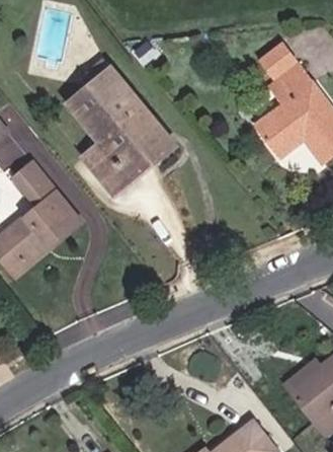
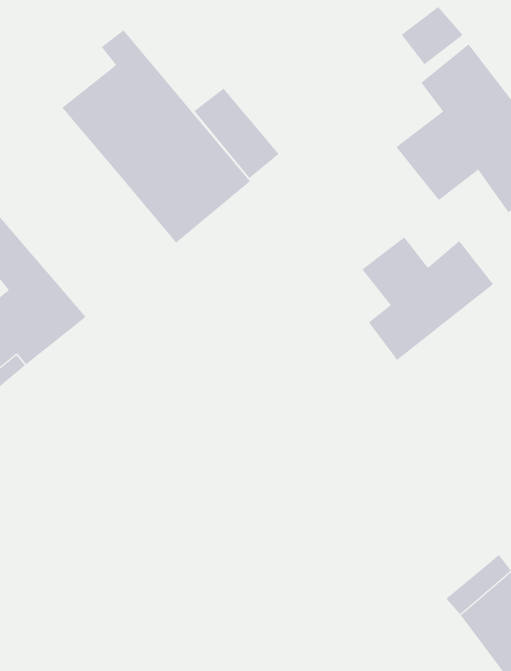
building: [83,142,132,194] -> [194,88,279,179]
building: none -> [361,237,494,361]

